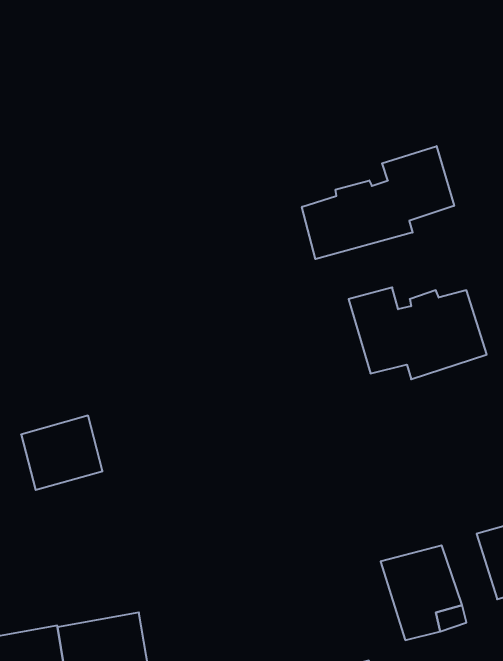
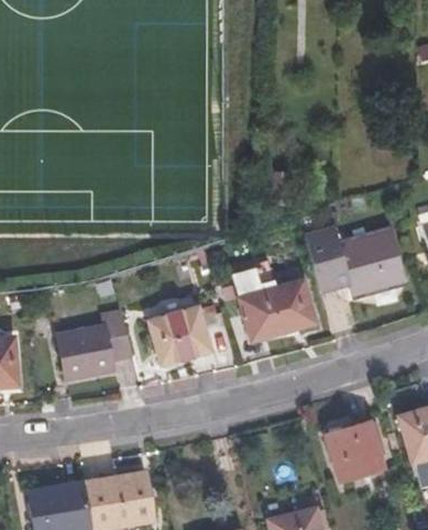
building: [302,146,454,259] -> none
building: none -> [232,263,315,336]
building: none -> [153,309,216,365]

